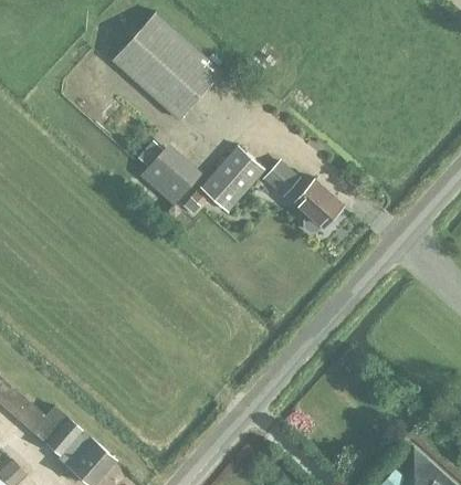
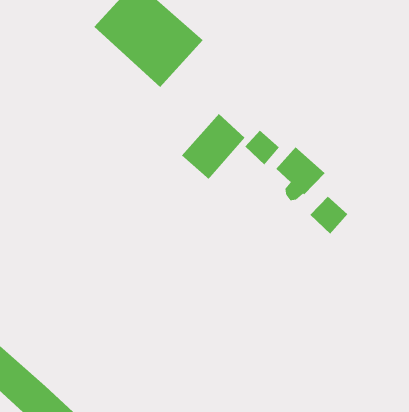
building: [139,143,202,204] -> none
building: none -> [309,196,348,235]

